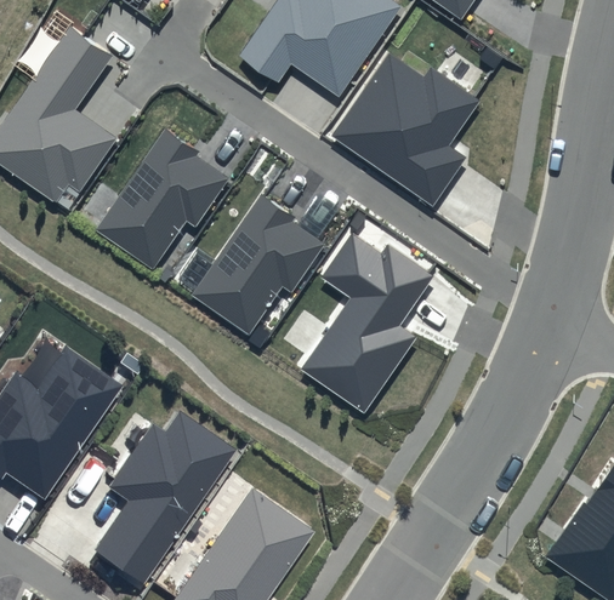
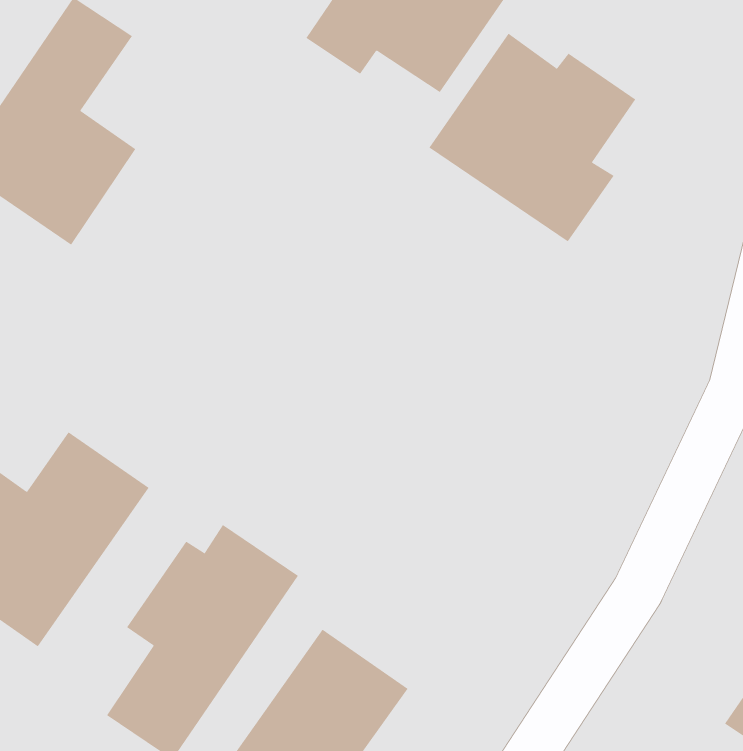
building: [97,128,228,267] -> none
building: [193,194,324,332] -> none
building: [300,233,434,412] -> none

